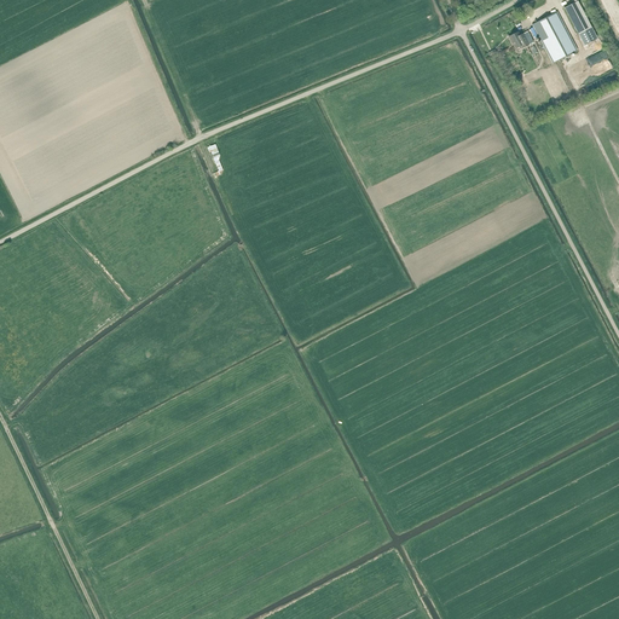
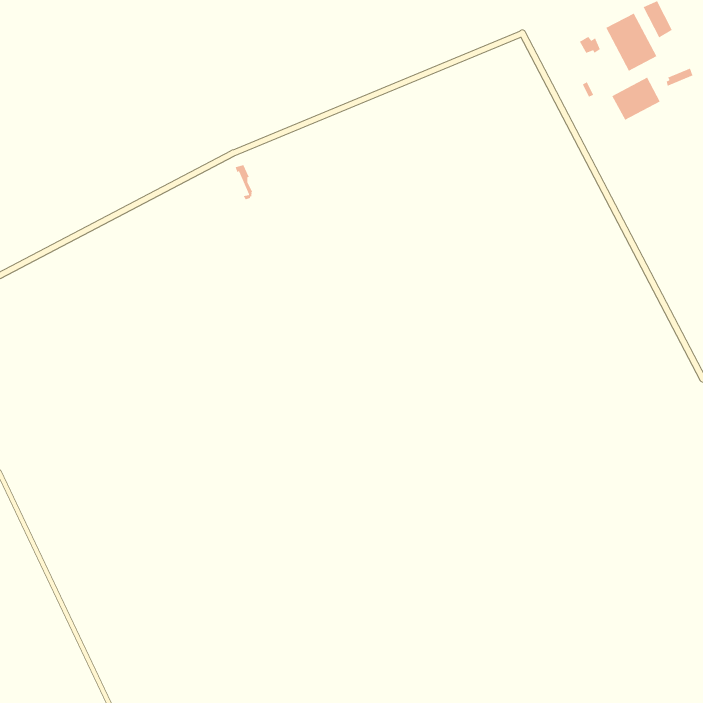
building: none -> [611,77,661,121]

